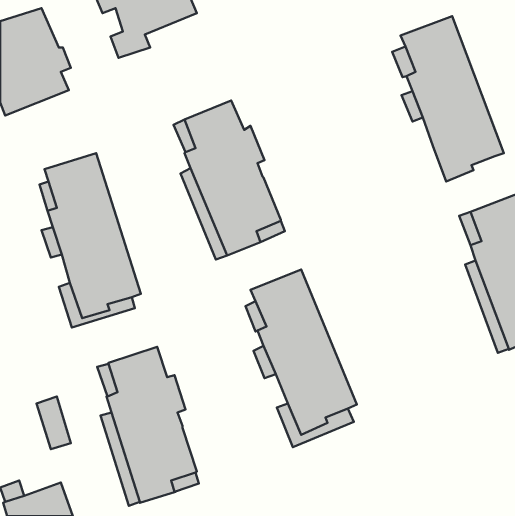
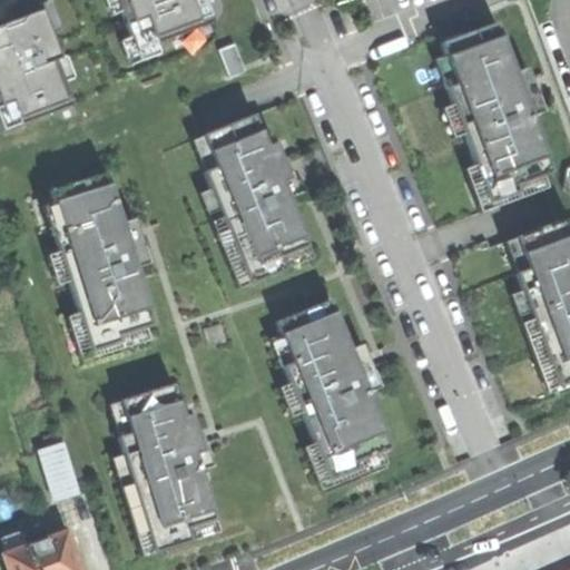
building: none -> [468,160,551,209]

